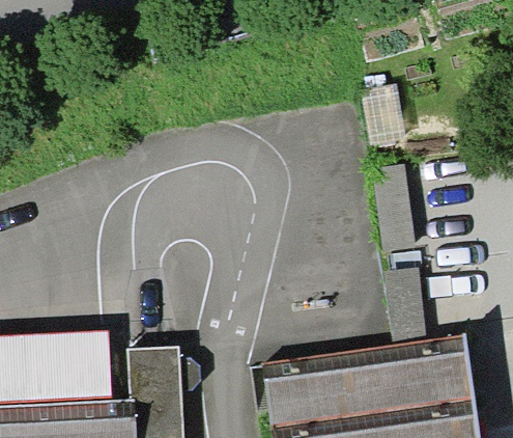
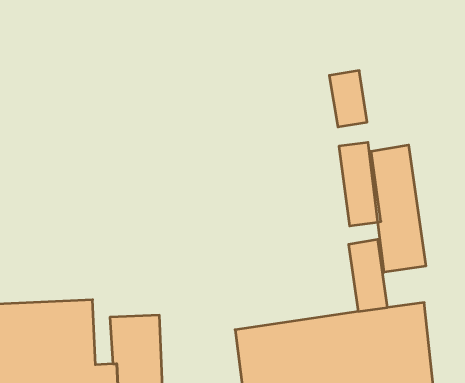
building: none -> [371,145,426,272]

